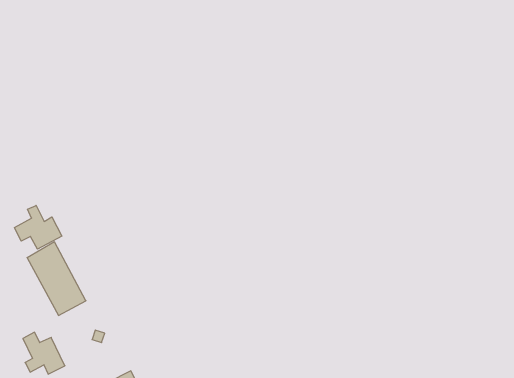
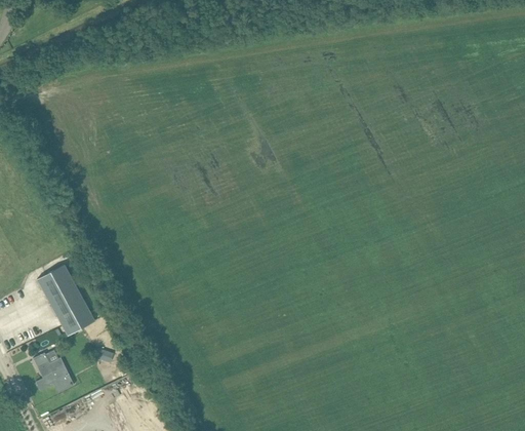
building: [15,205,62,249] -> none

